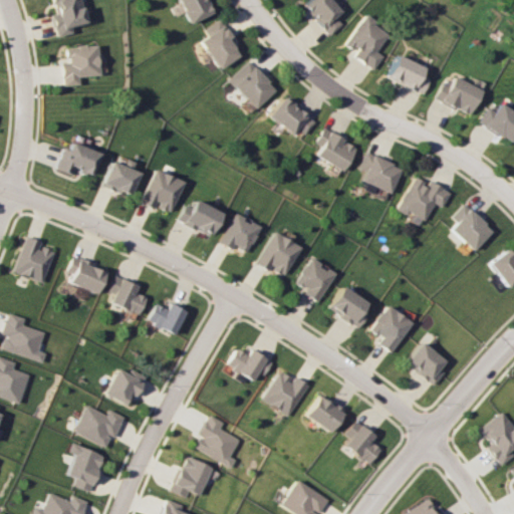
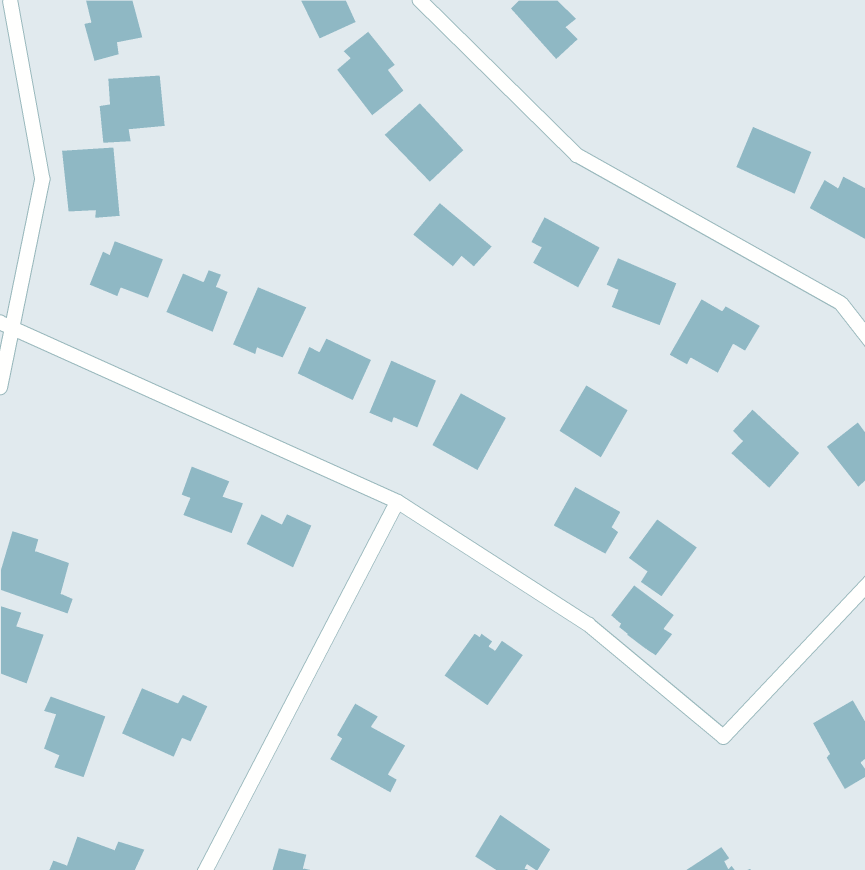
building: [344,16,392,69] -> none
building: [388,55,431,94] -> none
building: none -> [62,147,120,219]
building: [269,96,316,135] -> [412,202,492,267]
building: [452,204,493,251] -> [730,409,800,489]
building: [15,236,56,283] -> none
building: [67,256,107,294] -> none
building: [296,258,337,301] -> [559,385,629,458]
building: [409,343,447,386] -> [610,585,675,656]
building: [229,348,276,380] -> none
building: [105,368,148,408] -> none
building: [308,397,348,434] -> none
building: [346,421,382,464] -> none
building: [68,444,105,492] -> [43,696,106,778]
building: [175,457,214,498] -> none

